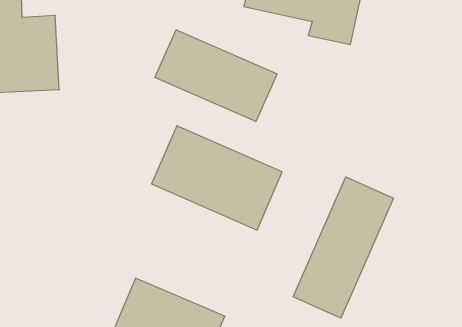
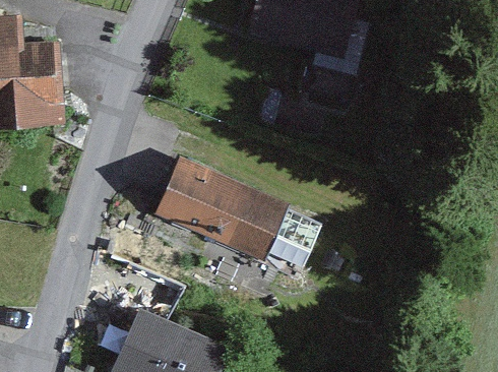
building: [155,30,277,122] -> none
building: [293,177,394,318] -> none

